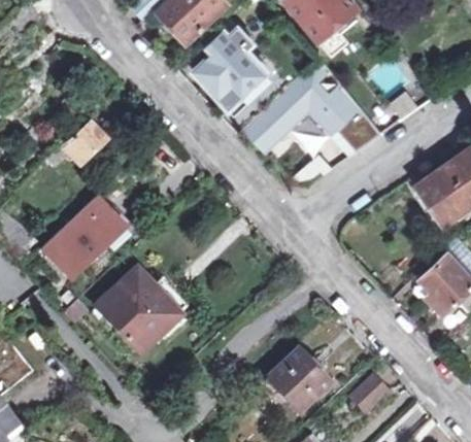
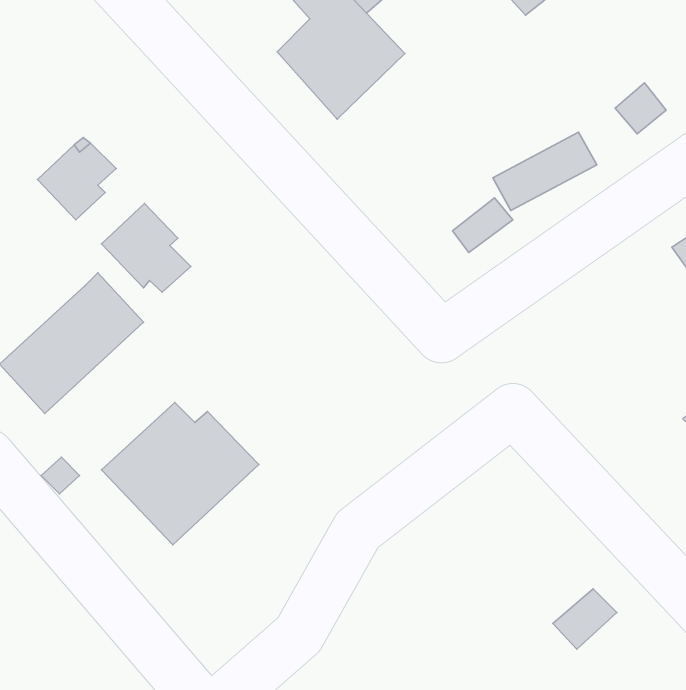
building: [243,66,357,152] -> none
building: none -> [102,203,191,292]
building: [264,350,326,414] -> none

